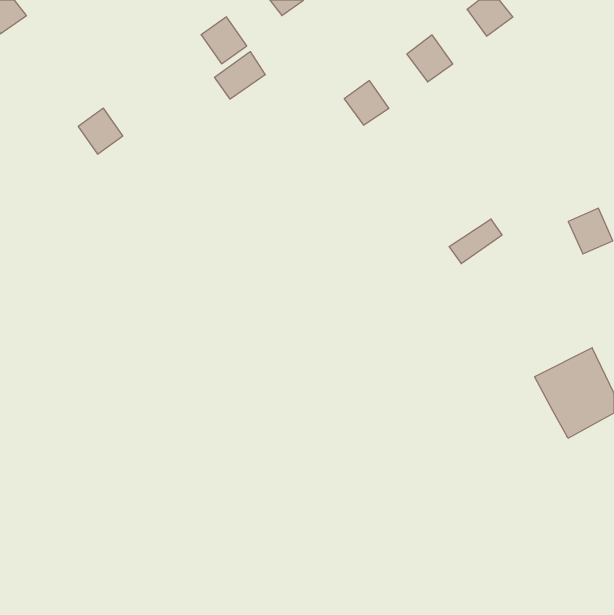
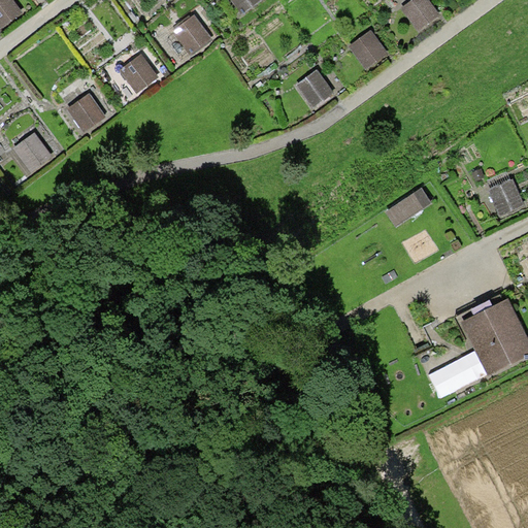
building: [215,52,265,99] -> none
building: none -> [119,54,158,94]
building: none -> [12,132,53,173]
building: none -> [428,352,486,398]

